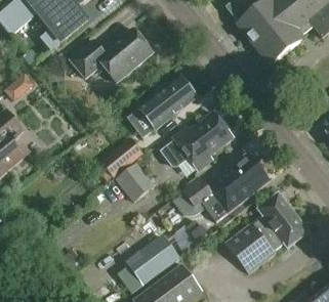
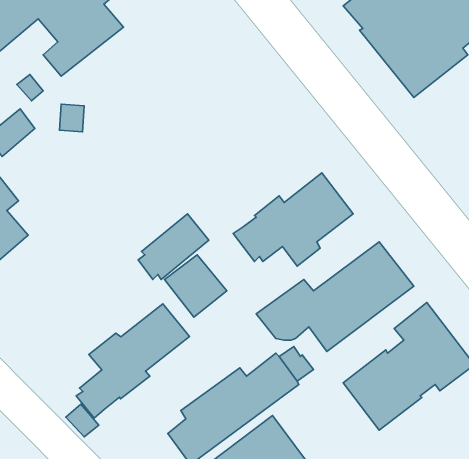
building: [70,28,153,82] -> none
building: [138,76,197,130] -> none
building: none -> [76,304,190,418]

